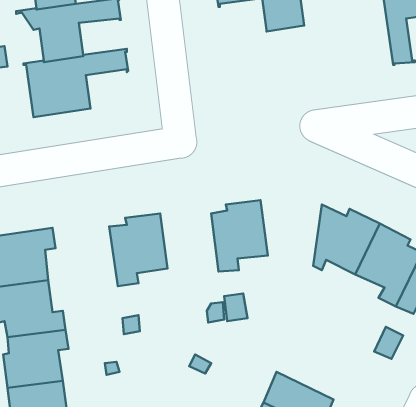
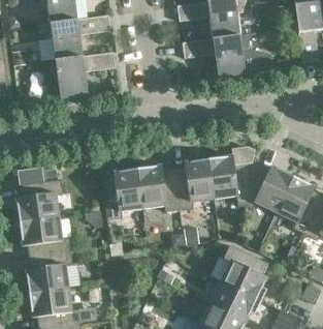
building: none -> [181,32,271,76]
building: none -> [208,146,254,206]
building: none -> [137,165,179,211]
building: none -> [220,244,267,300]

